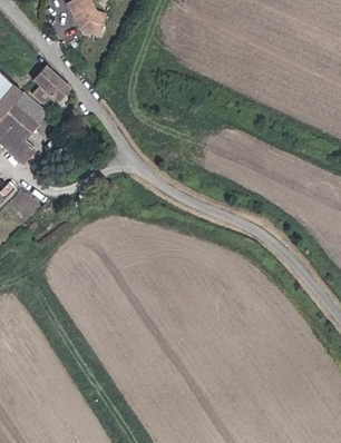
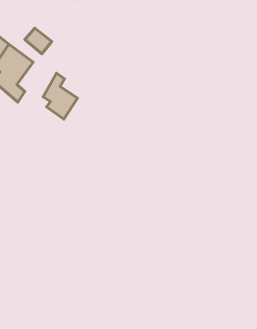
building: none -> [43,73,78,119]

